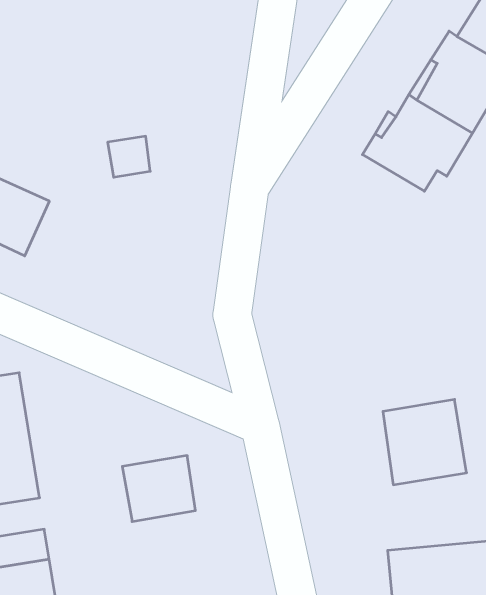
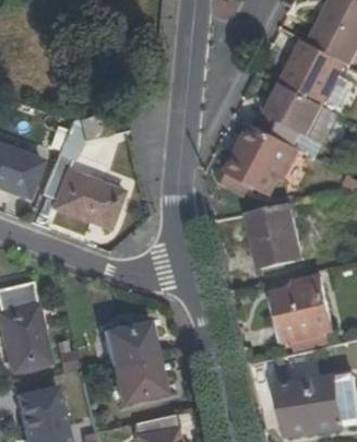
building: none -> [227,121,295,192]
building: none -> [46,162,129,235]
building: none -> [250,199,305,264]
building: none -> [115,363,164,408]

